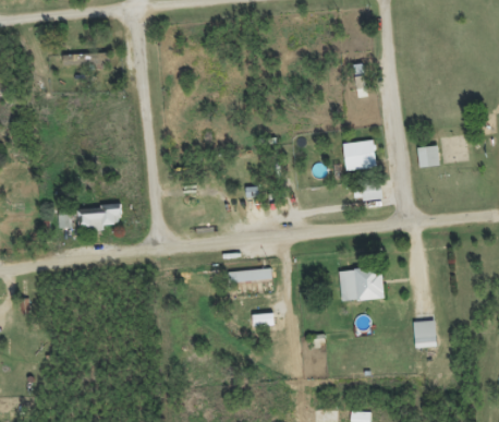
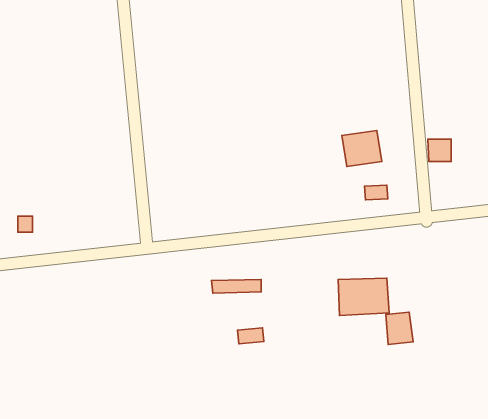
building: [76,205,119,228] -> none
building: [413,319,437,348] -> [386,312,413,344]

